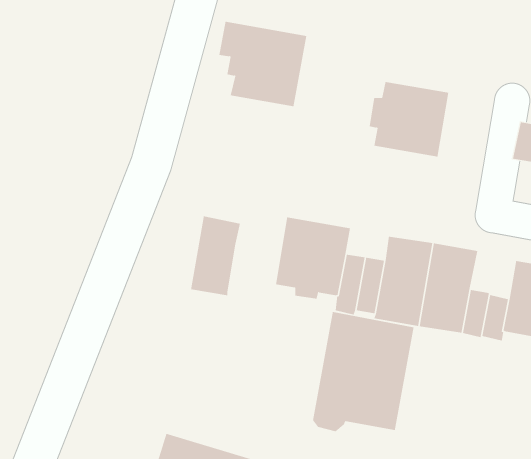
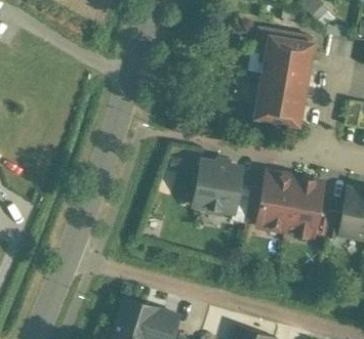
building: [218,21,307,107] -> [258,30,315,84]
building: [191,215,240,296] -> none
building: [313,311,414,432] -> none

